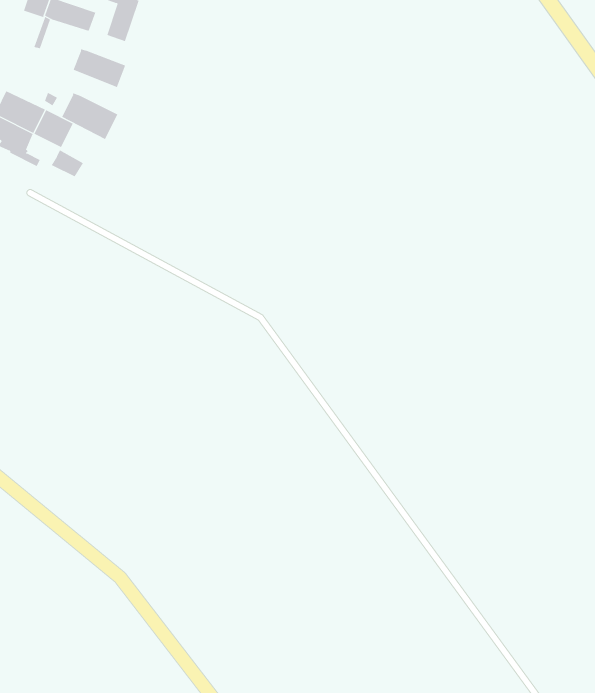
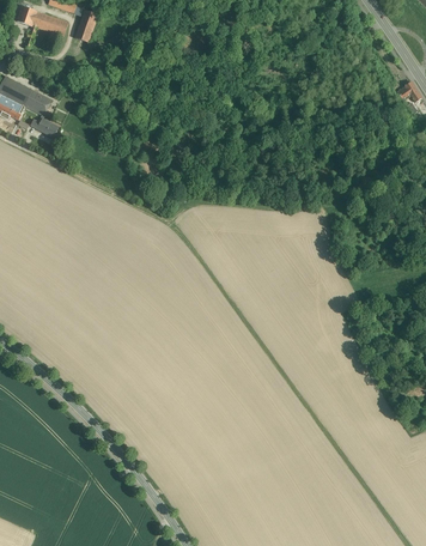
building: [73,48,126,88] -> none
building: [62,93,118,140] -> none

